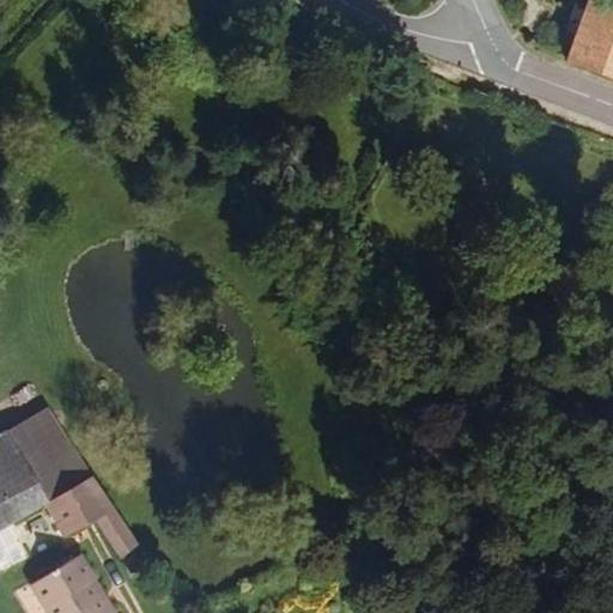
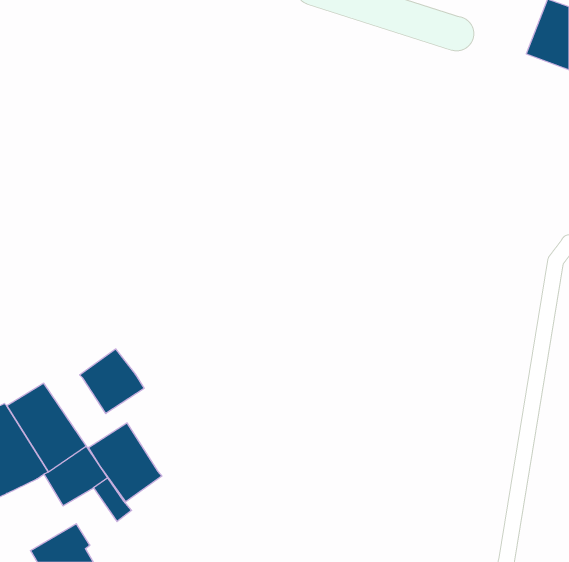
building: none -> [80,349,144,414]
building: none -> [88,423,162,502]

